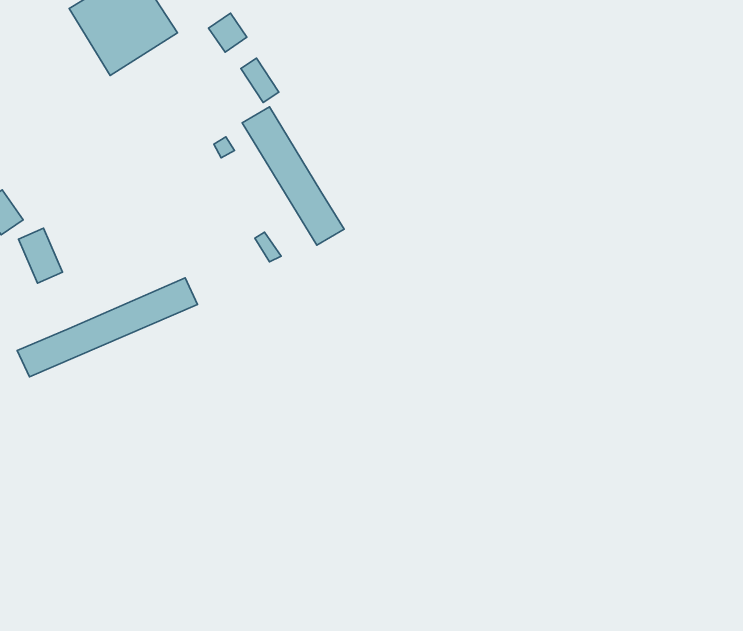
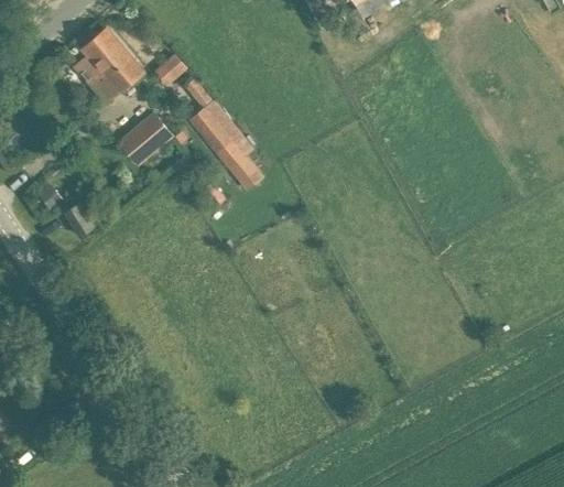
building: none -> [119,110,174,164]
building: [17,278,197,377] -> none

